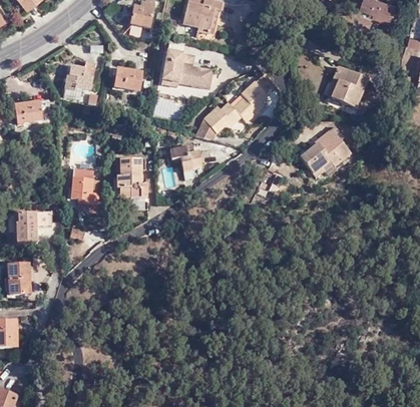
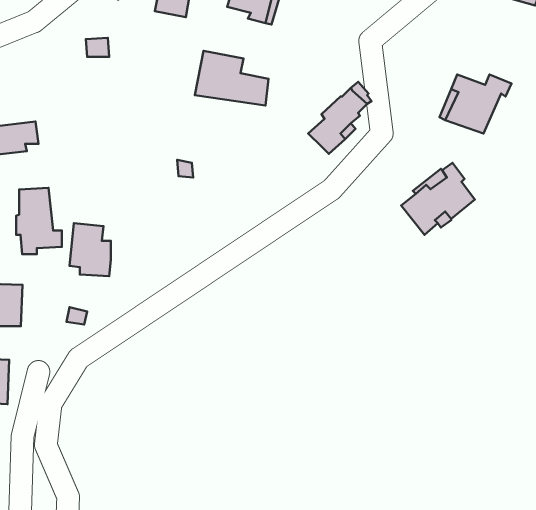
building: [63,61,96,97] -> none
building: [113,69,144,90] -> none
building: [197,103,244,142] -> none
building: [169,148,201,175] -> none
building: [117,158,148,204] -> [16,188,62,254]

